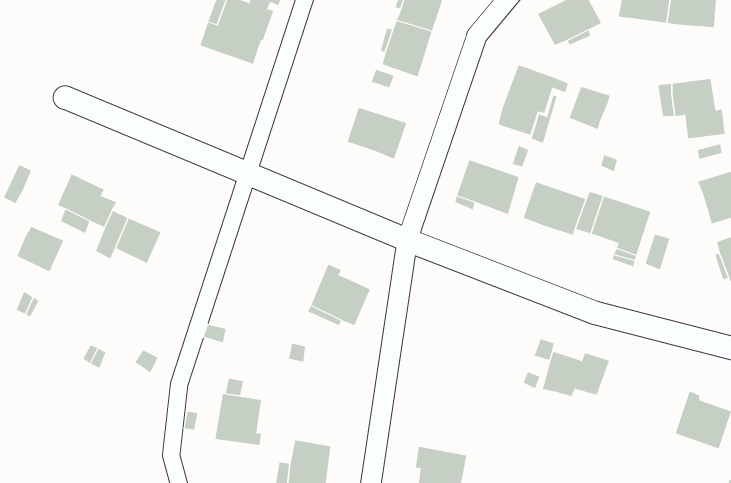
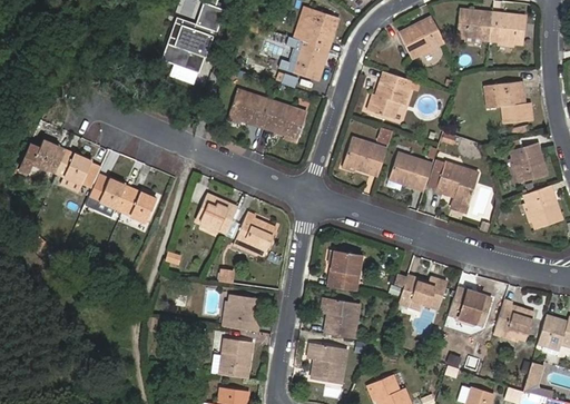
building: [569,86,611,130] -> none
building: none -> [228,89,272,126]
building: [17,226,64,272] -> [37,138,70,170]
building: none -> [124,189,158,221]
building: none -> [200,195,240,231]
building: none -> [331,247,363,288]
building: none -> [450,285,493,323]
building: none -> [331,296,365,336]
building: [214,393,262,446] -> [227,292,261,328]

